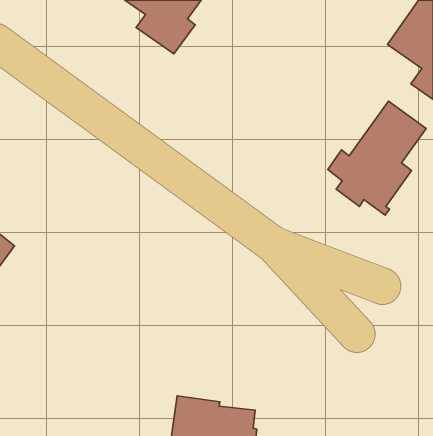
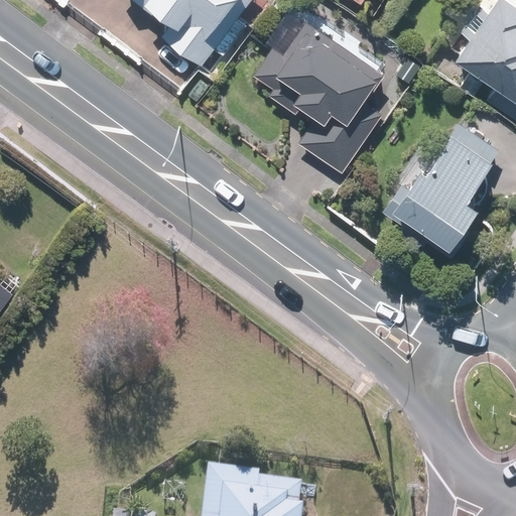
building: none -> [254,19,391,171]

